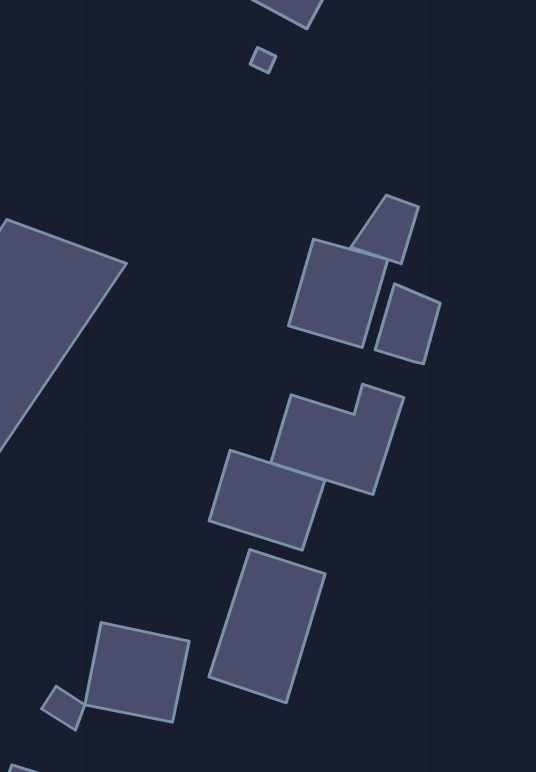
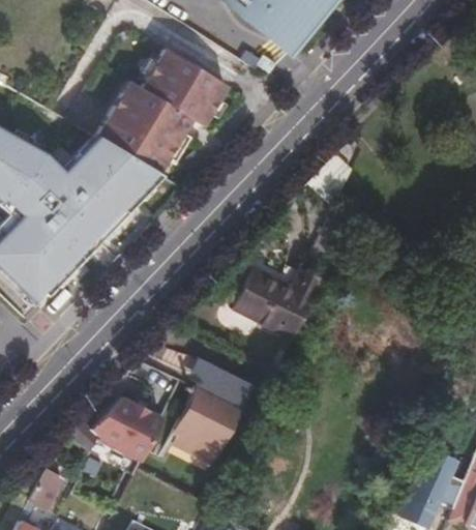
building: none -> [99,50,227,173]
building: [289,239,388,348] -> none
building: [209,450,325,550] -> none

